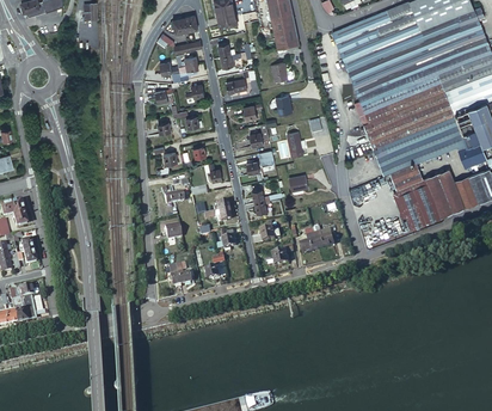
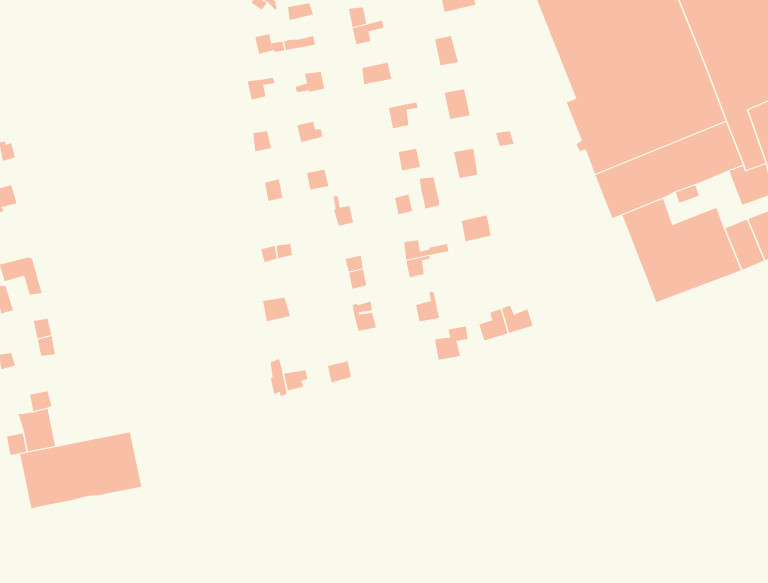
building: none -> [20,431,142,509]

